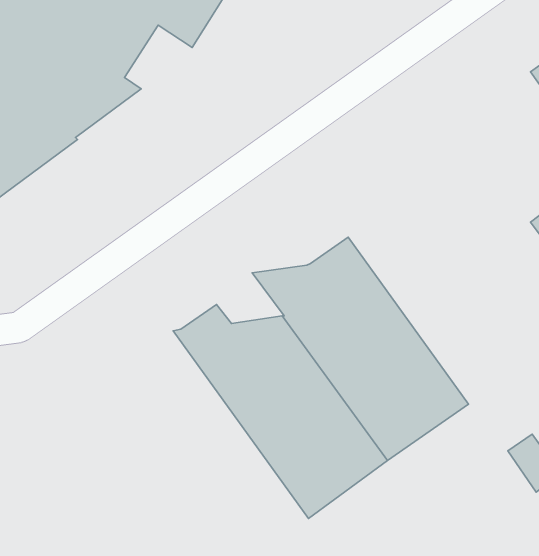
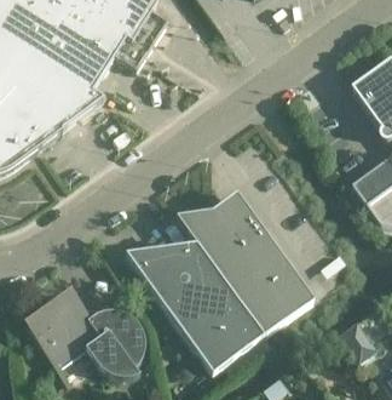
building: none -> [25,292,143,377]

